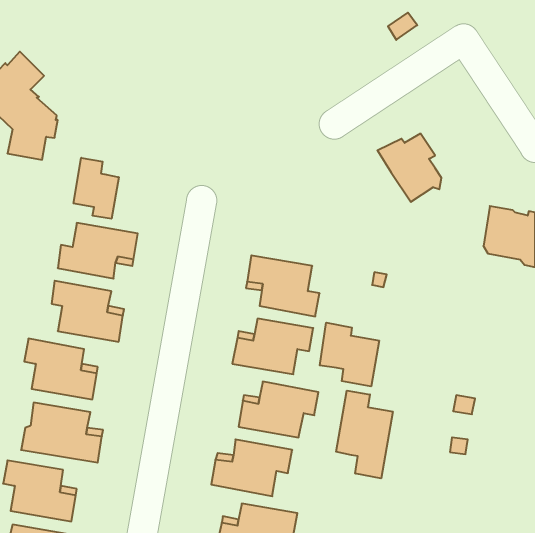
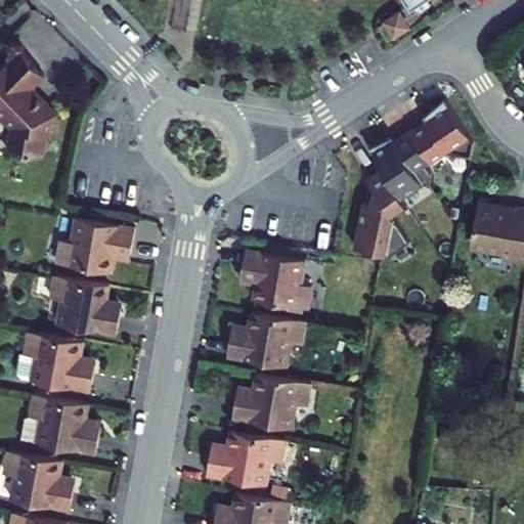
building: none -> [409,100,469,168]
building: [74,158,119,219] -> none
building: none -> [354,172,408,259]
building: [320,323,379,386] -> none
building: [336,391,393,478] -> none

